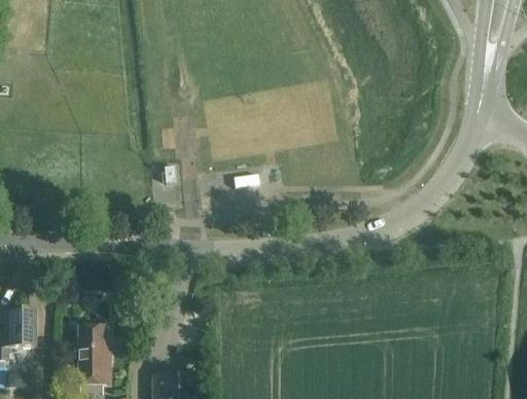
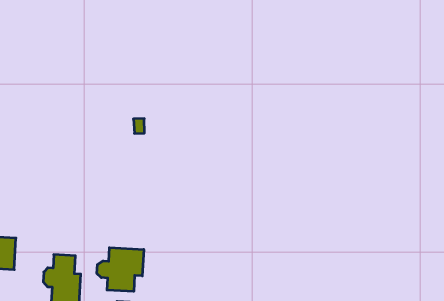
building: none -> [97,248,144,291]

